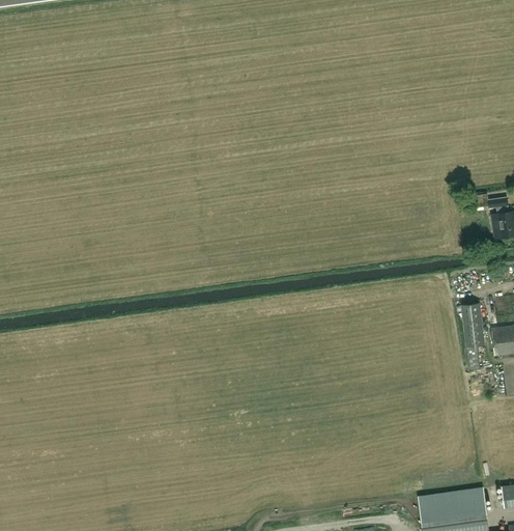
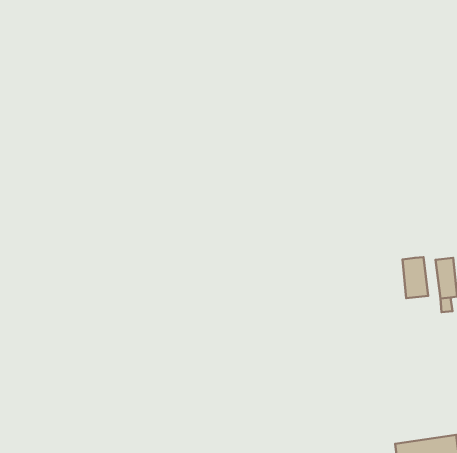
building: none -> [403,257,428,298]

